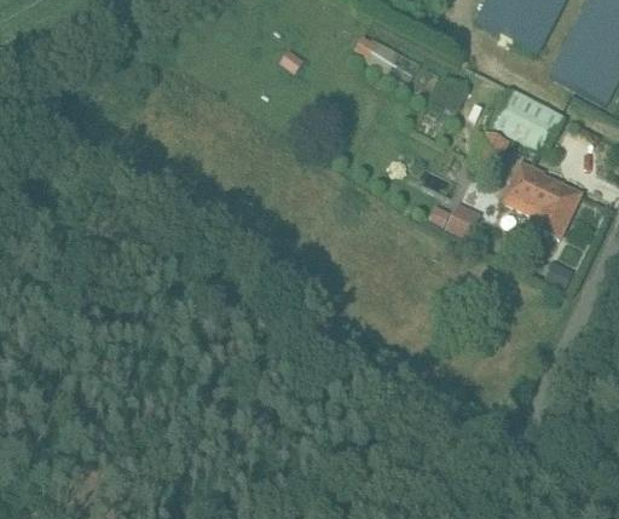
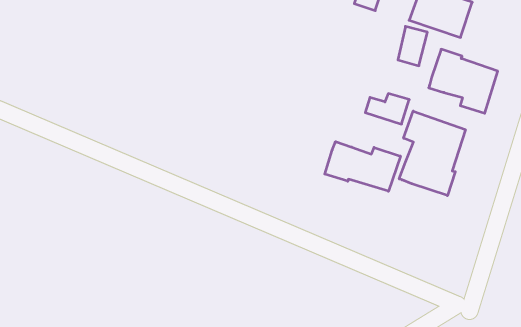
building: none -> [399,111,465,196]
building: none -> [325,142,400,191]

